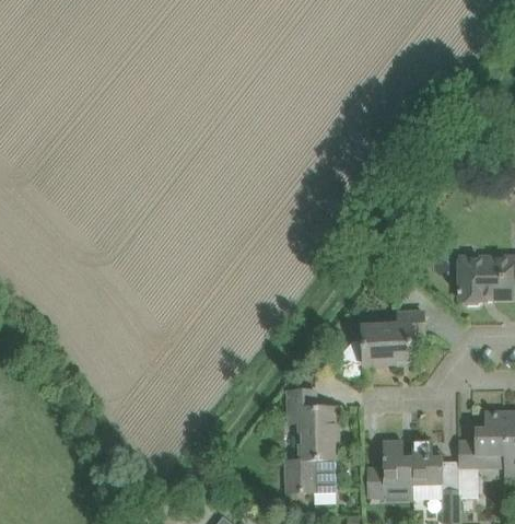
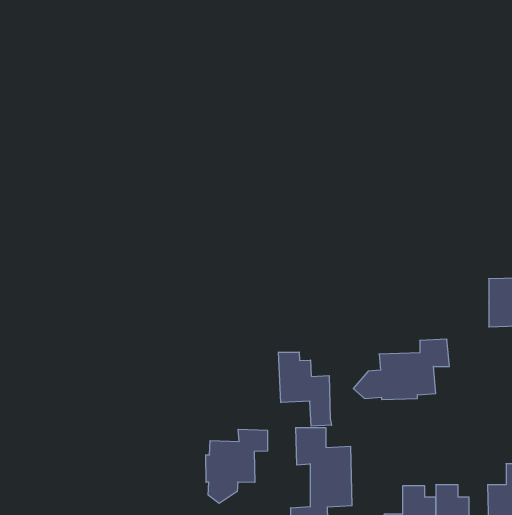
building: none -> [279,352,332,426]
building: none -> [206,429,267,503]

